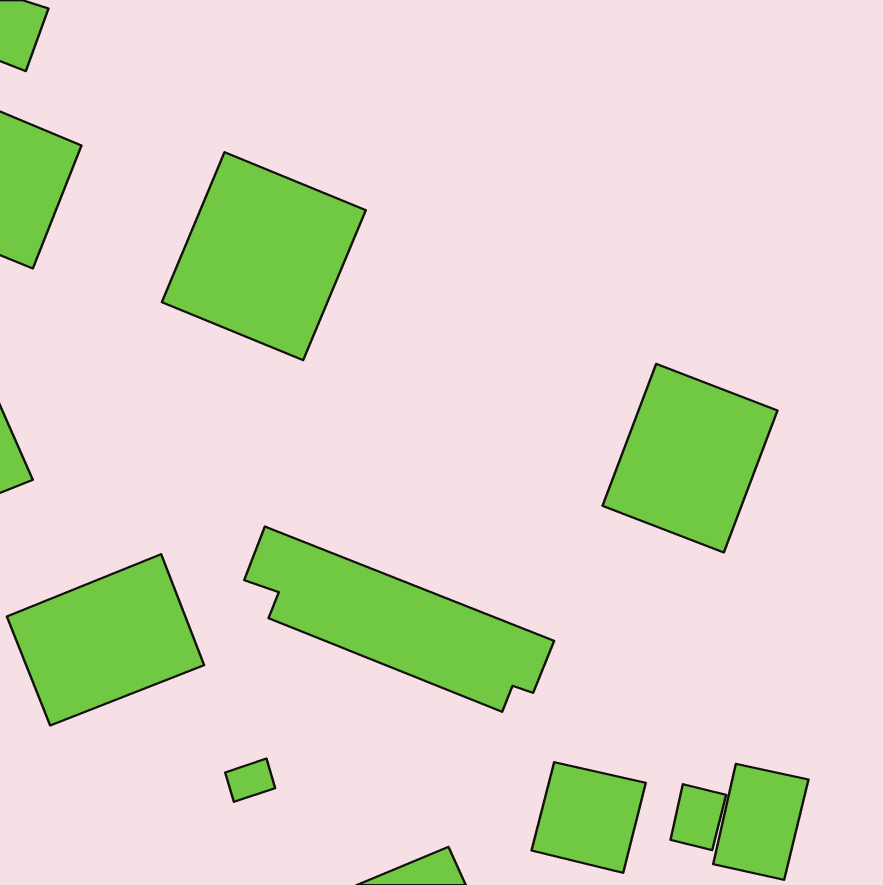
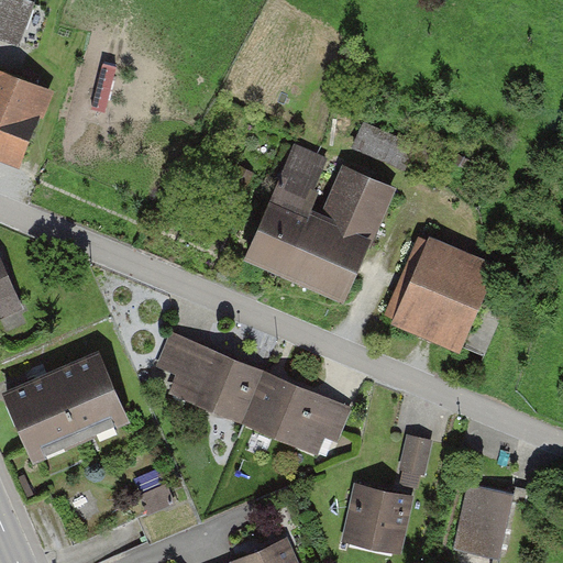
building: [162,152,366,360] -> none
building: none -> [243,147,397,305]
building: [671,784,726,850] -> [396,433,431,475]

